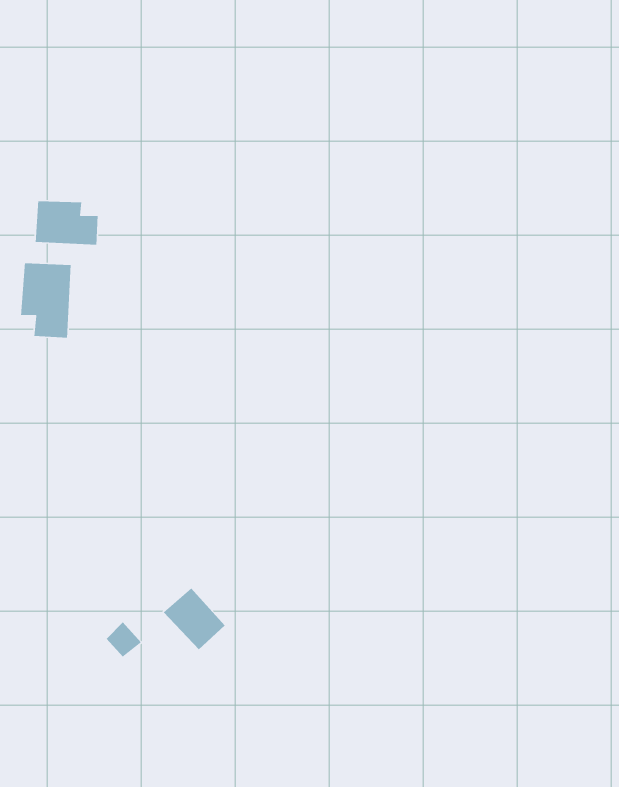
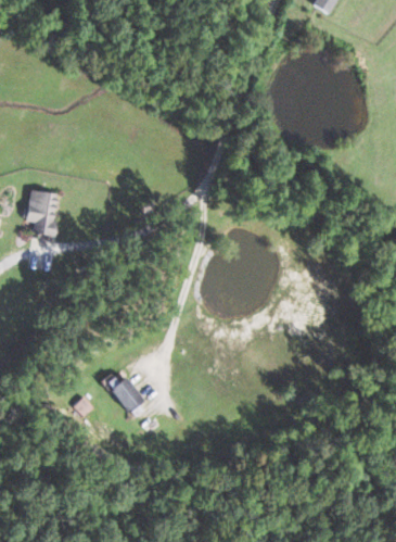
building: [35,200,98,246] -> none

